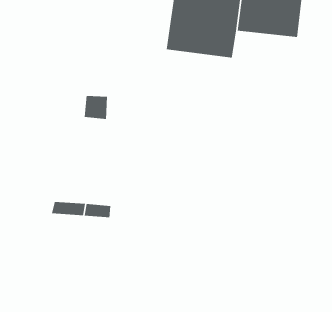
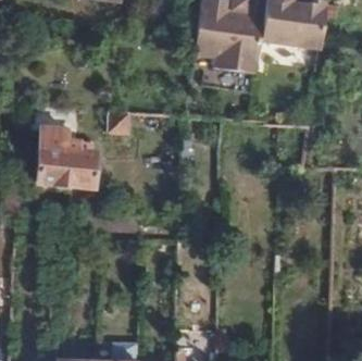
building: none -> [36,128,95,186]

